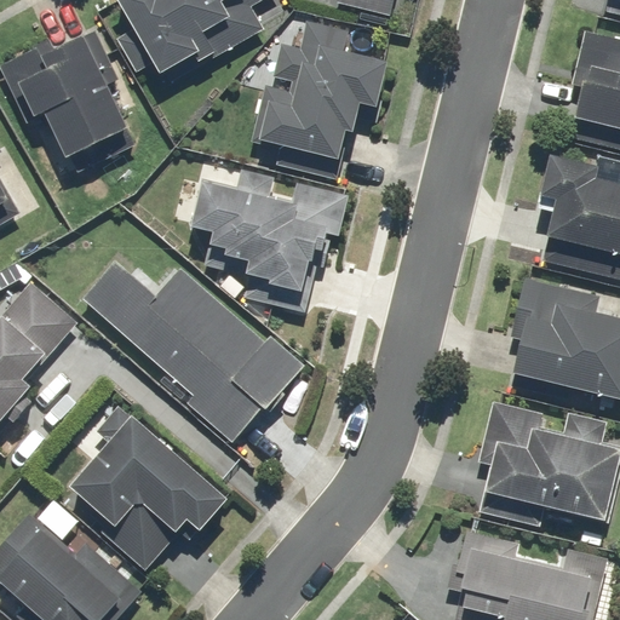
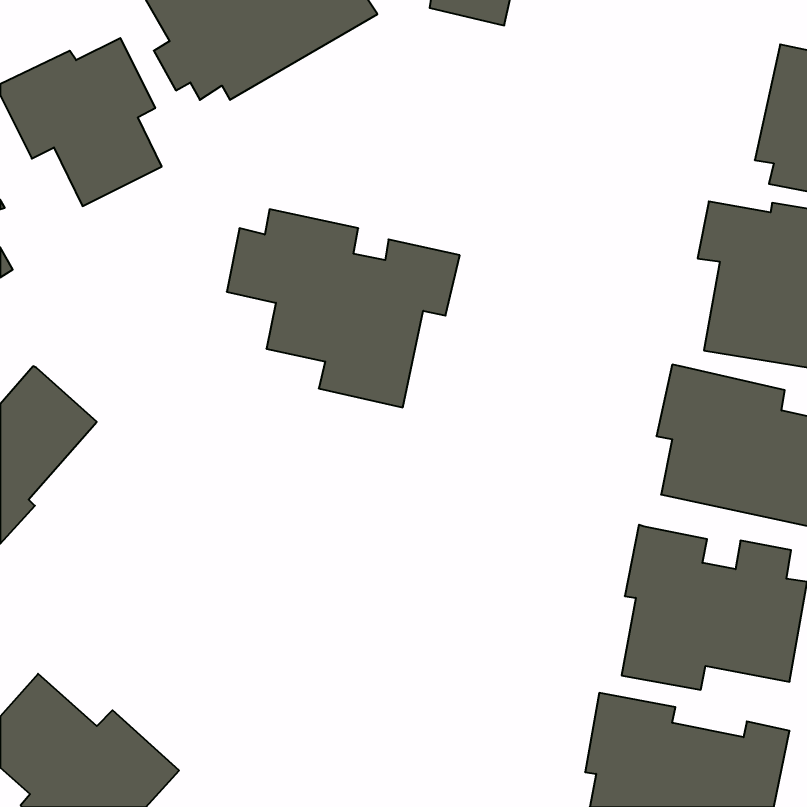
building: [249,19,384,180] -> none
building: [82,262,304,443] -> none
building: [69,402,228,570] -> none

